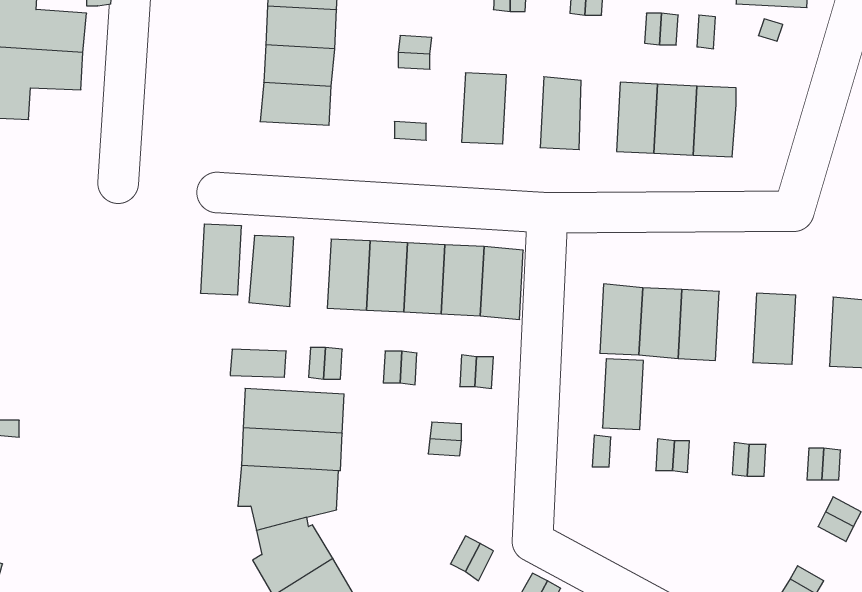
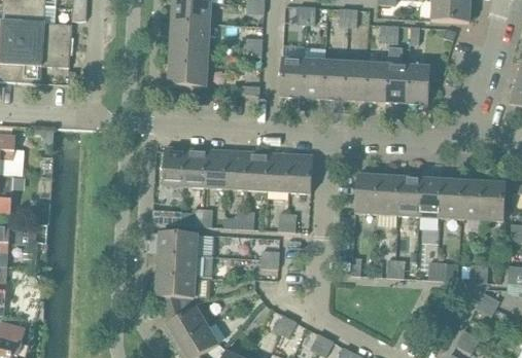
building: none -> [302,59,324,99]
building: none -> [344,62,367,101]
building: [200,224,242,295] -> [184,148,207,187]
building: none -> [461,180,484,219]
building: [602,359,643,430] -> [419,178,442,217]

